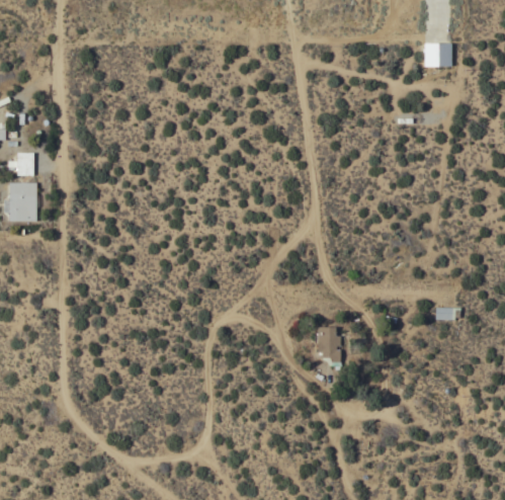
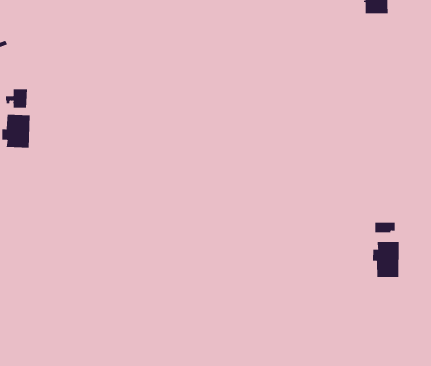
building: [317,328,341,371] -> none
building: none -> [372,241,399,278]

